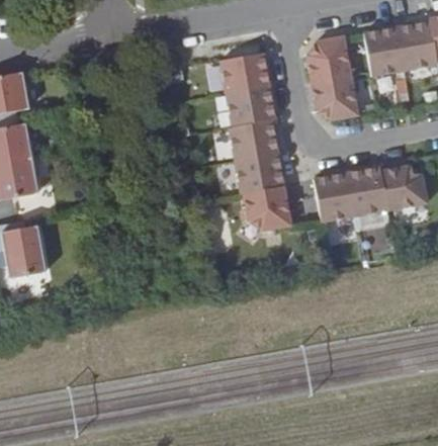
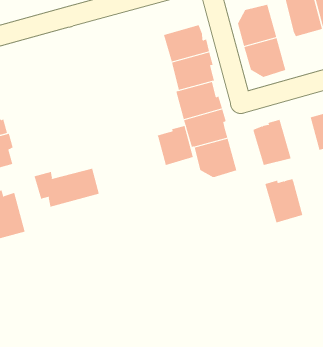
building: [347,166,388,215] -> [264,178,303,223]
building: none -> [157,125,193,166]
building: none -> [34,168,100,207]

